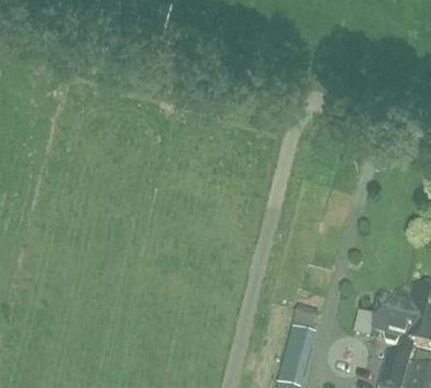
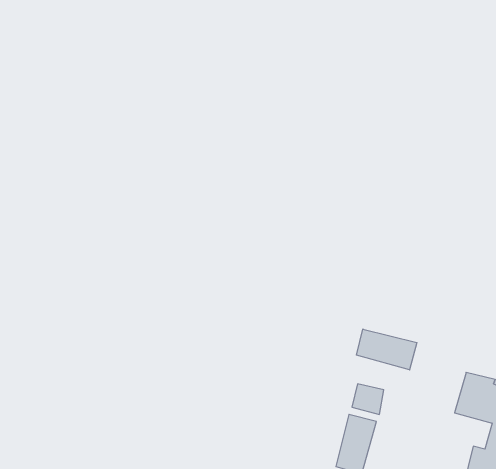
building: none -> [356,329,417,370]

